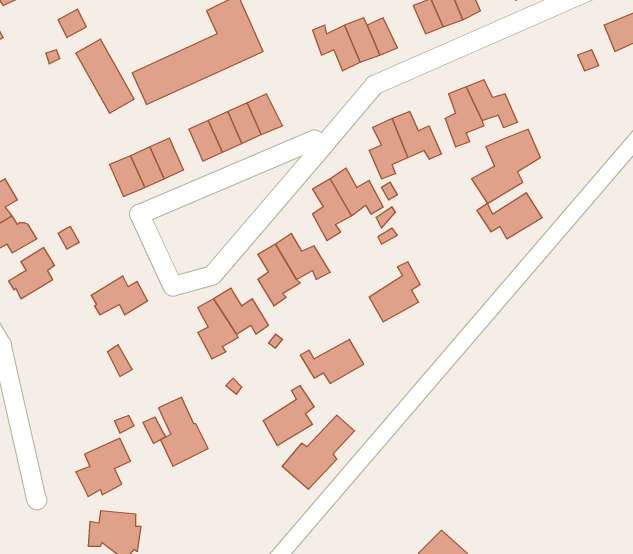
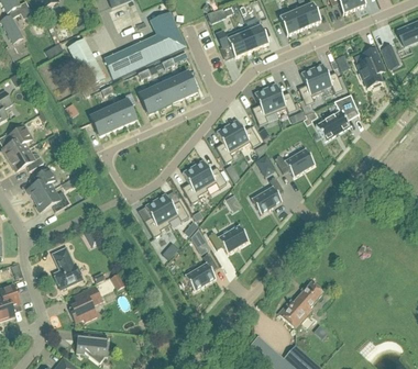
building: none -> [356,46,384,87]
building: [477,193,542,239] -> [274,147,315,176]
building: [91,276,148,315] -> [34,187,69,211]
building: [159,397,208,466] -> [52,246,82,289]
building: [282,415,355,489] -> [277,281,322,327]

